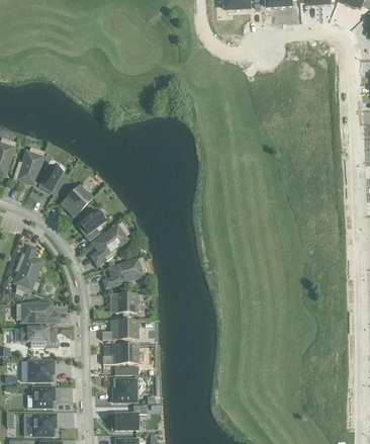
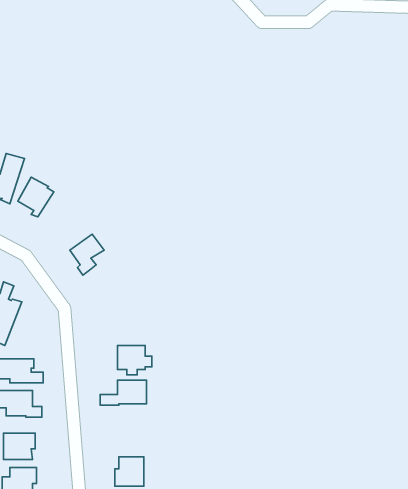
building: [65,182,92,212] -> none
building: [91,220,130,262] -> none
building: [103,256,147,287] -> none
building: [102,344,143,363] -> none

